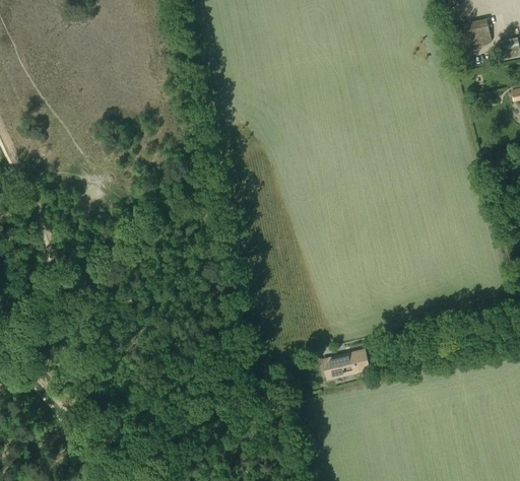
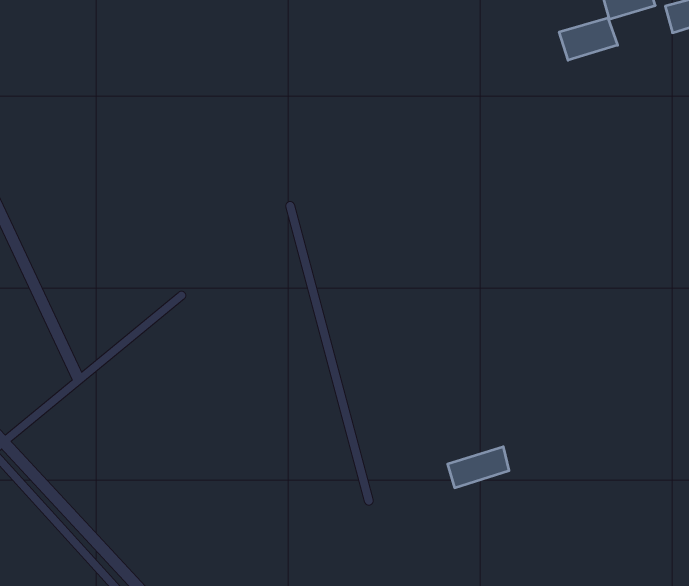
building: none -> [559,18,618,60]

